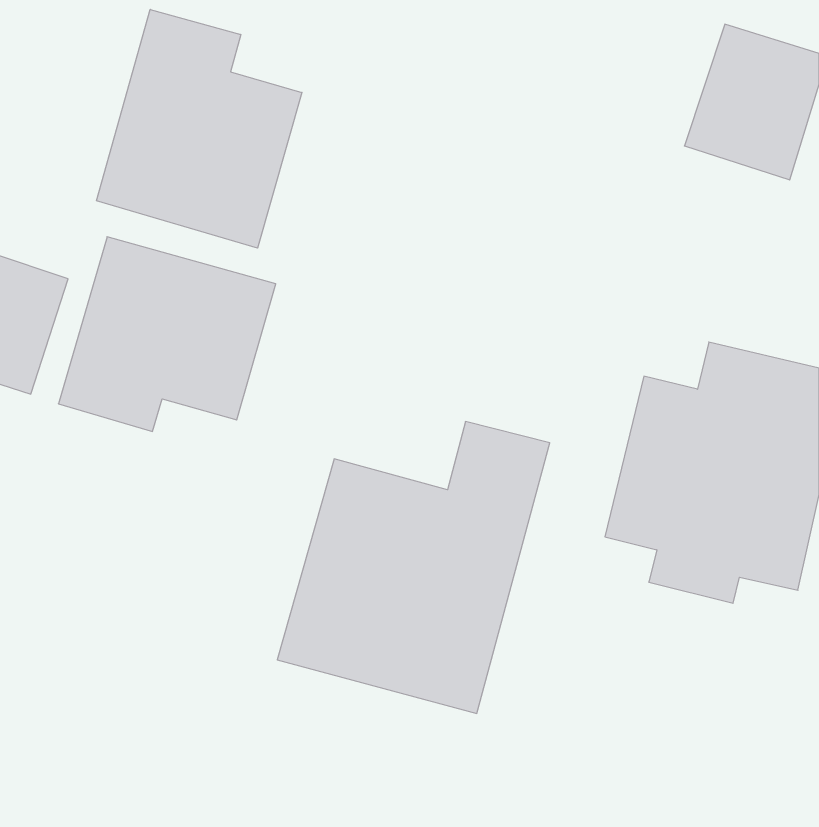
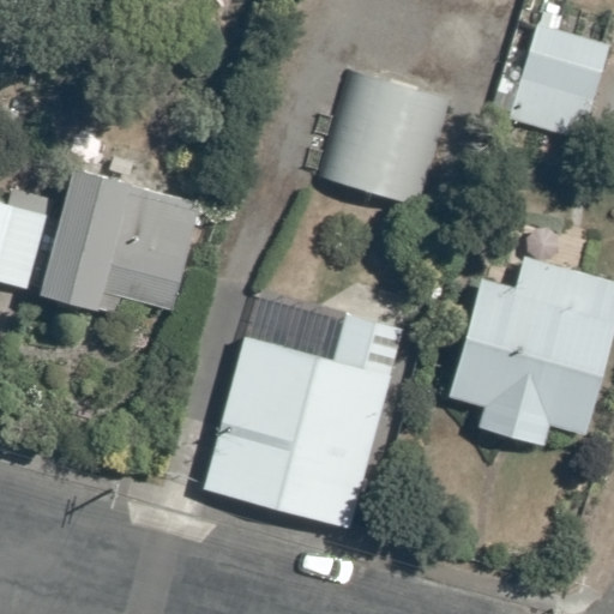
building: [96,9,302,248] -> none
building: none -> [313,66,446,209]

